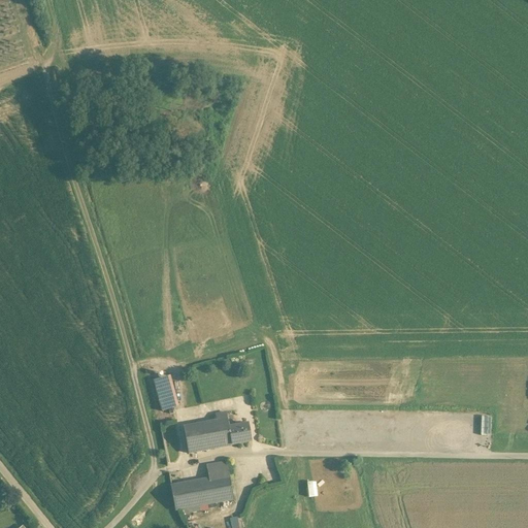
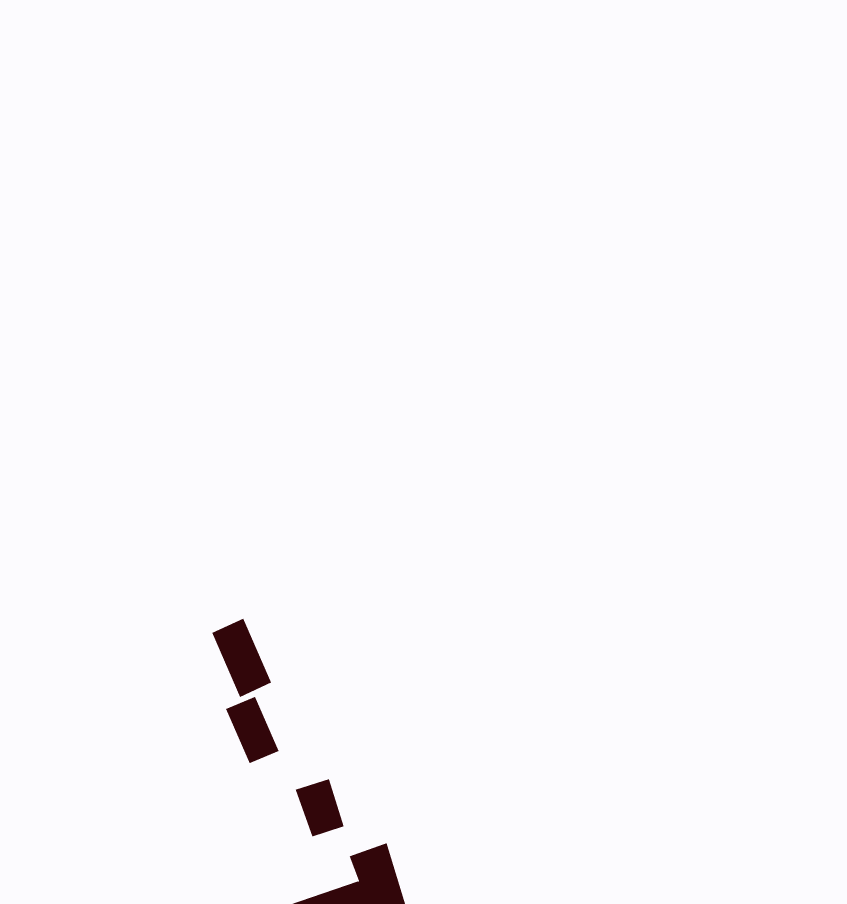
building: none -> [211,618,272,698]
building: [201,411,251,449] -> none

